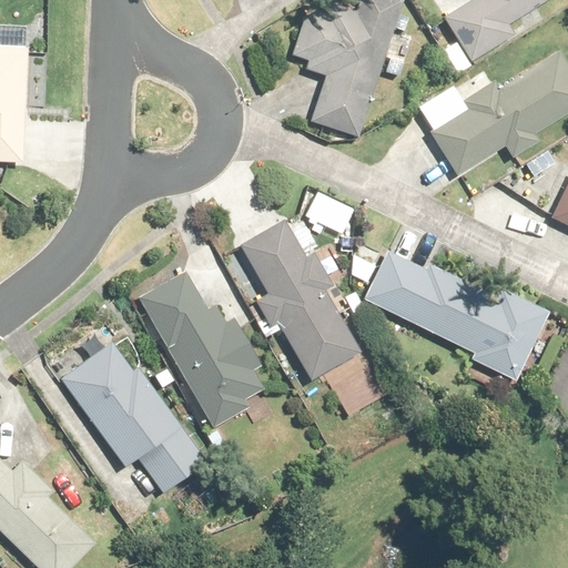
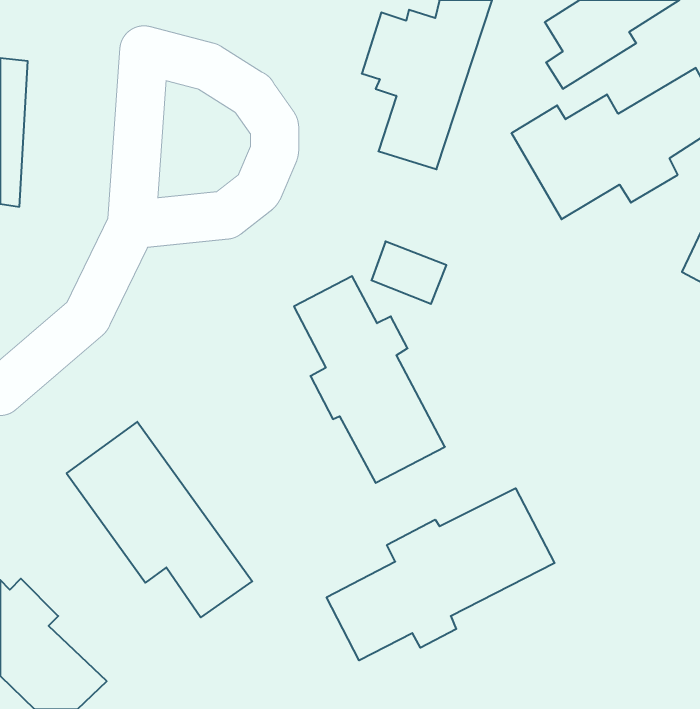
building: [131,248,265,423] -> none
building: [362,251,548,382] -> none
building: none -> [327,488,555,660]

